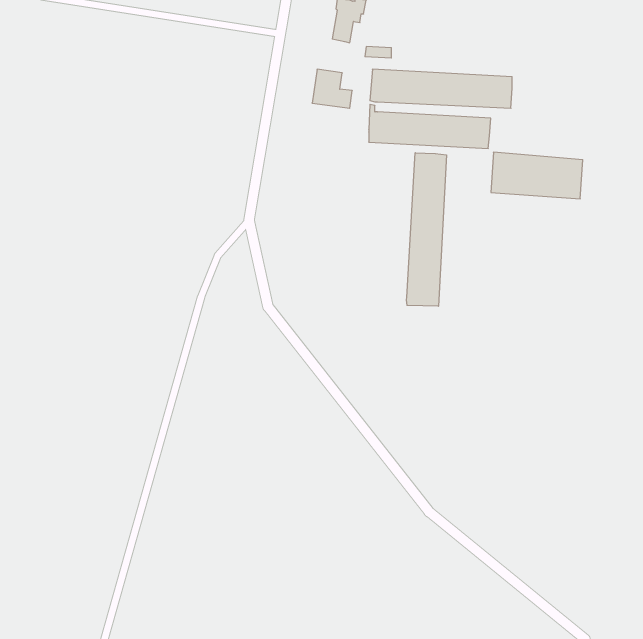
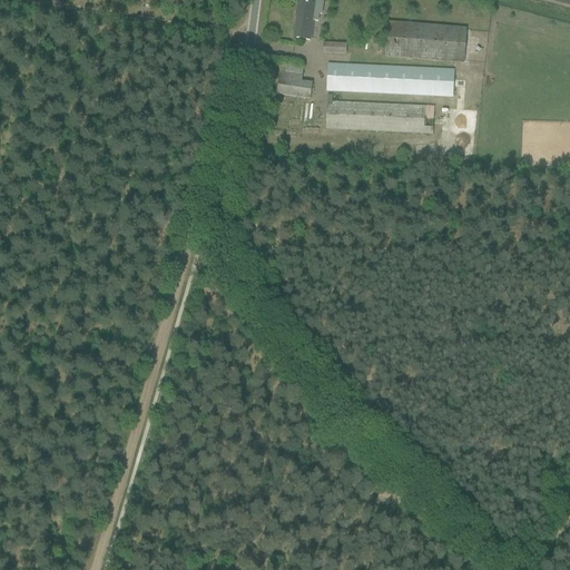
building: [491,152,583,199] -> [385,19,466,60]
building: [406,153,446,306] -> none

